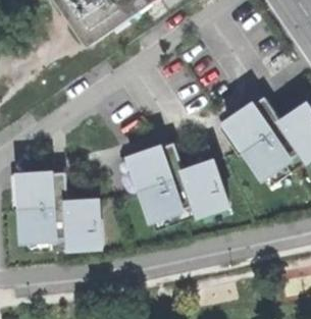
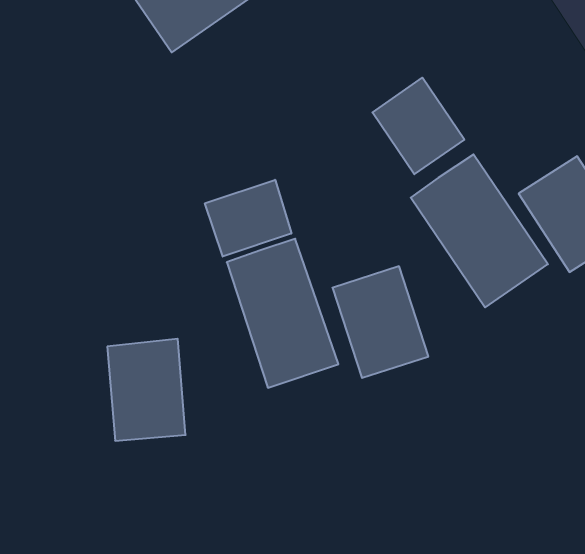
building: none -> [372,78,464,174]
building: none -> [205,180,291,257]
building: [13,170,55,242] -> none

